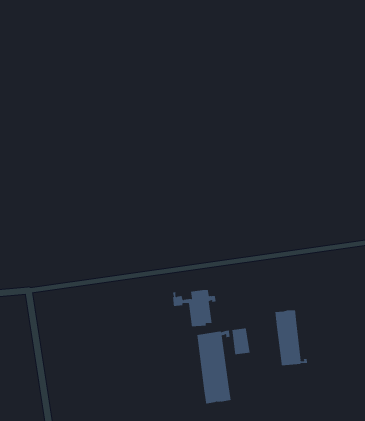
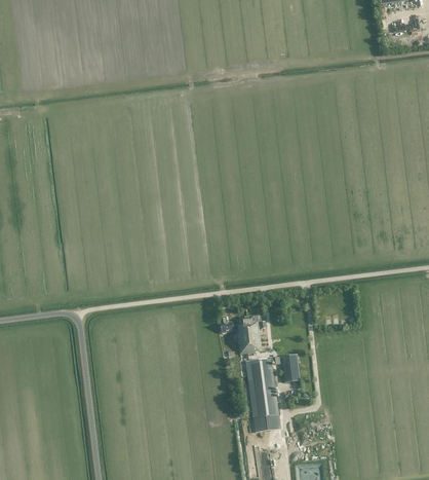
building: [275,309,308,366] -> none

